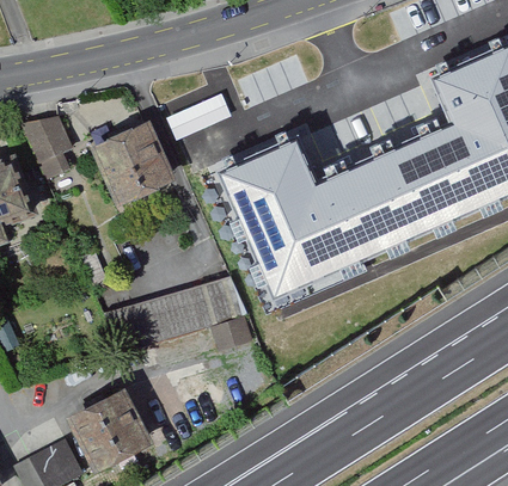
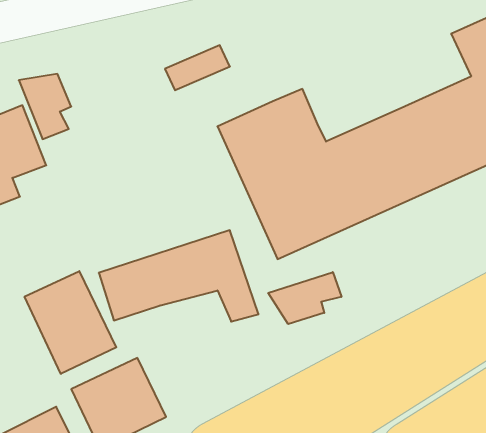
building: [97,124,183,209] -> none
building: none -> [25,271,116,374]
building: none -> [268,272,341,324]

